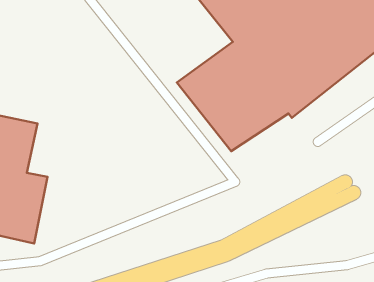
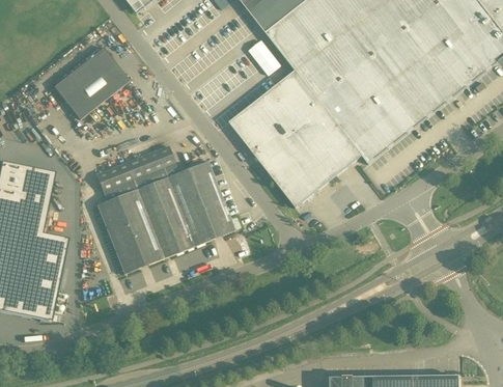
building: none -> [54,46,130,117]
building: none -> [95,143,234,272]

